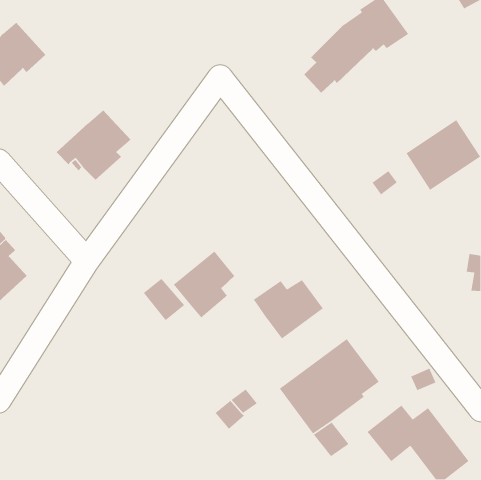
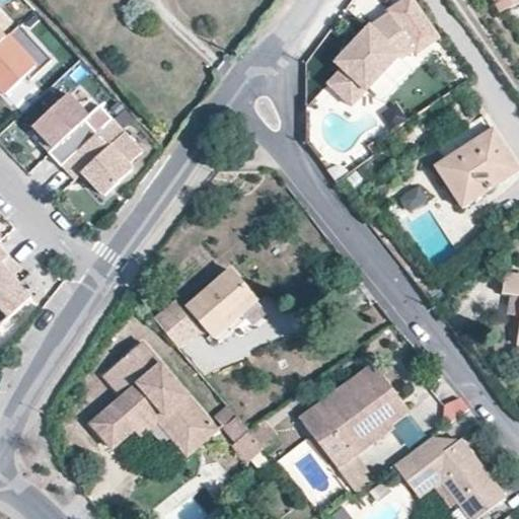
building: none -> [30,92,94,164]
building: [253,279,324,340] -> none
building: none -> [90,340,216,456]

